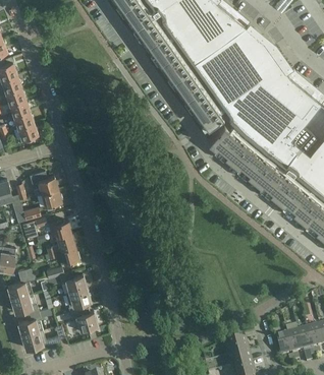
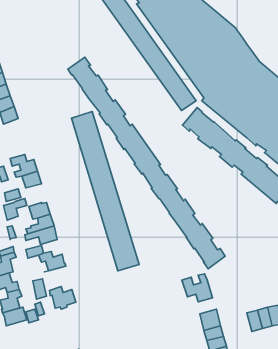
building: none -> [68,57,225,269]
building: none -> [71,111,139,271]
building: [64,287,90,312] -> none
building: none -> [182,274,213,302]

